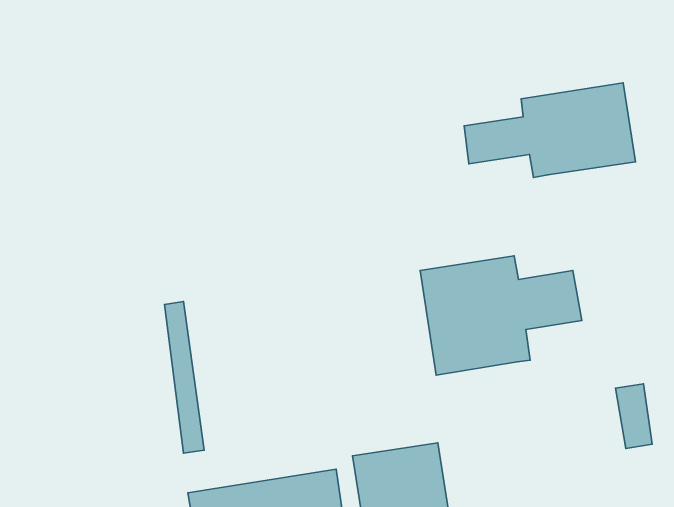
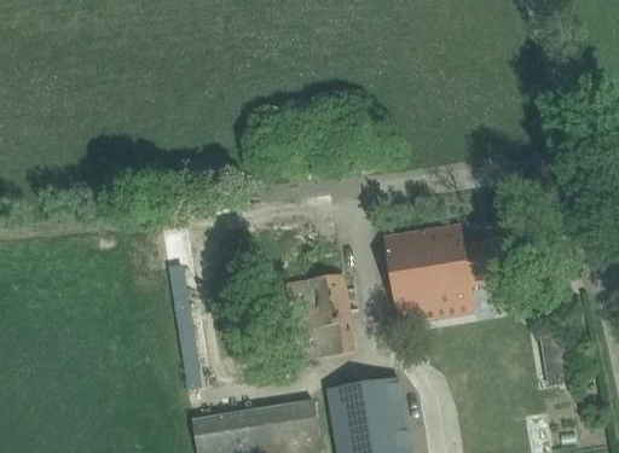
building: [464,83,636,178] -> none
building: none -> [284,274,354,359]

